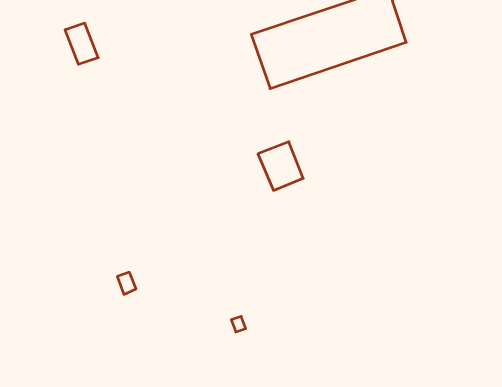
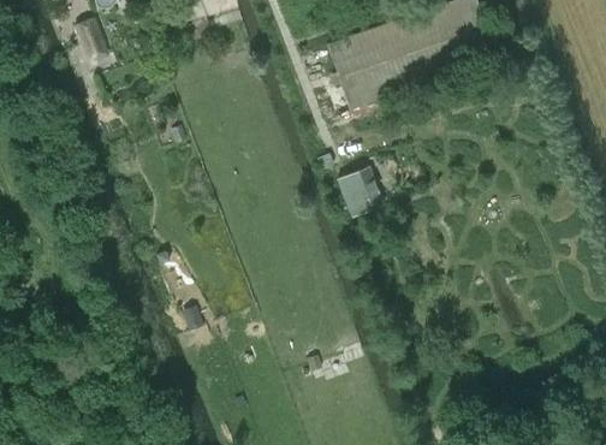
building: [65,23,98,64] -> [73,17,109,61]

